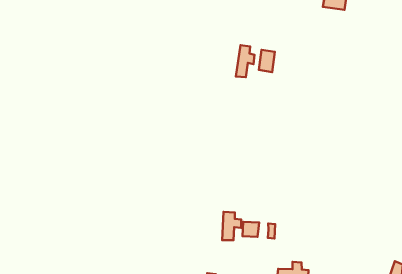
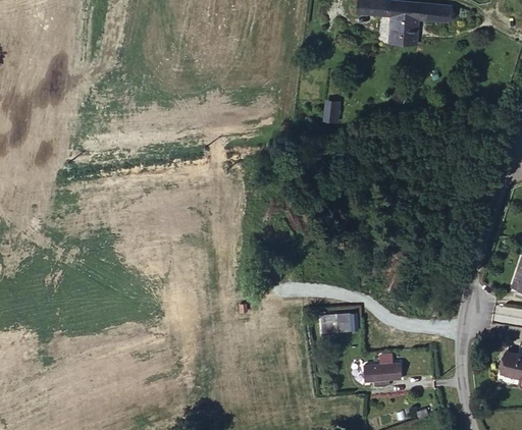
building: [236,45,255,77] -> none
building: [222,212,241,240] -> none

